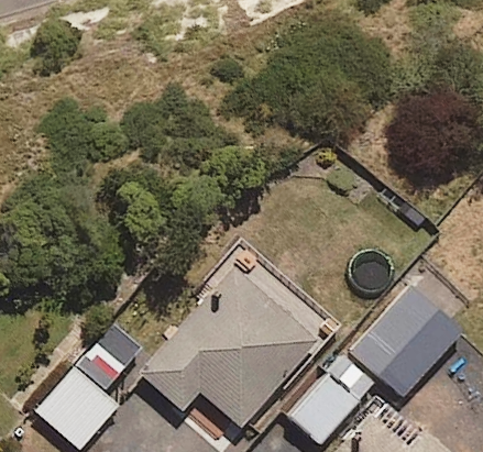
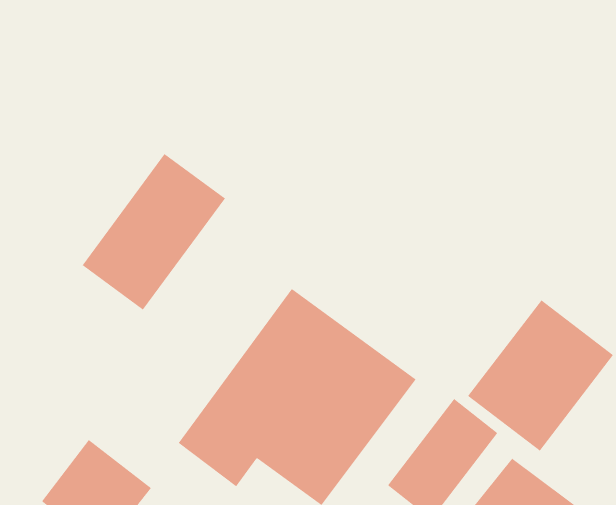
building: none -> [82,153,226,310]

